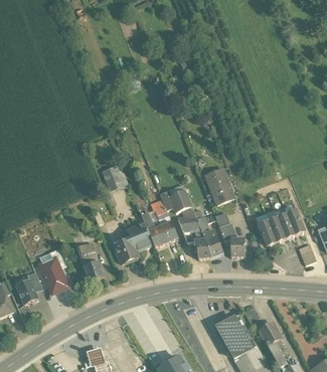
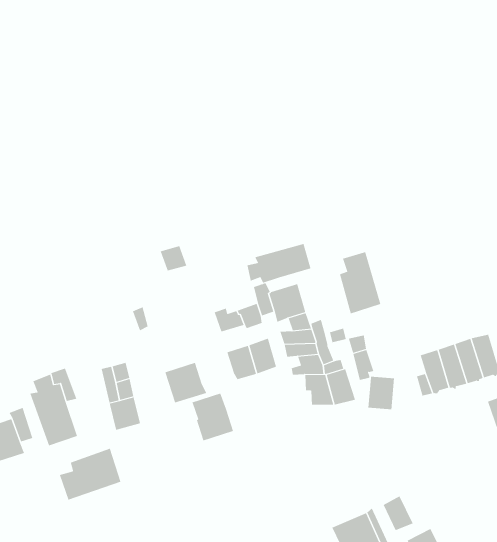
building: none -> [247,243,311,284]
building: [127,222,153,250] -> [190,393,234,441]
building: none -> [59,448,121,501]

